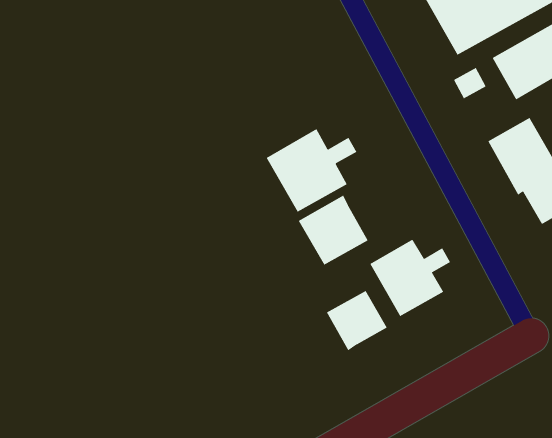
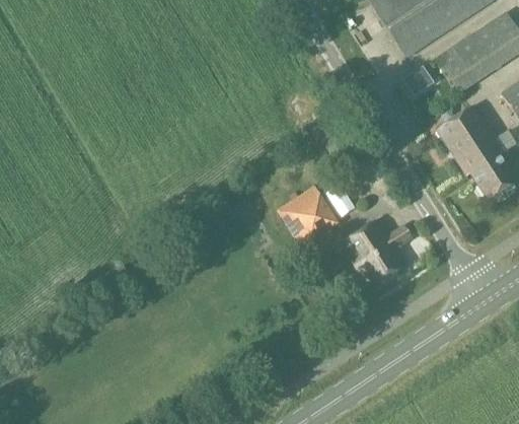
building: [266,128,357,213] -> none
building: [326,290,388,351] -> none

